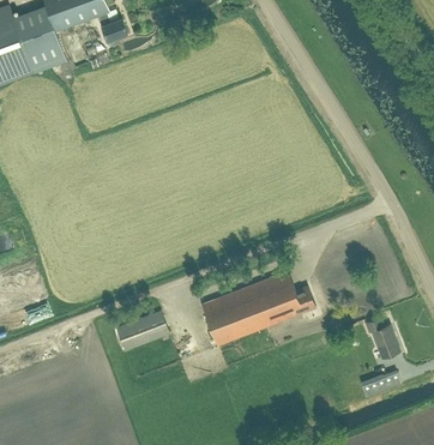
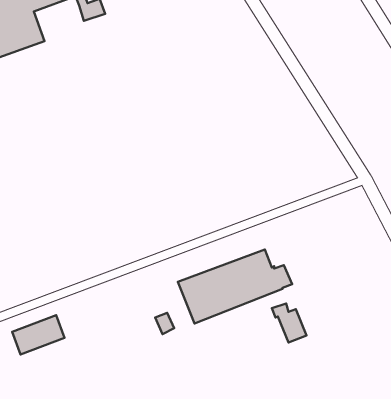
building: [115,312,168,351] -> [12,315,65,355]
building: [364,319,399,359] -> [272,303,307,343]

